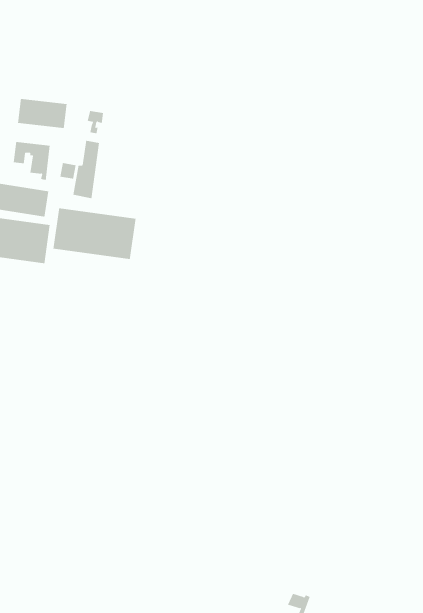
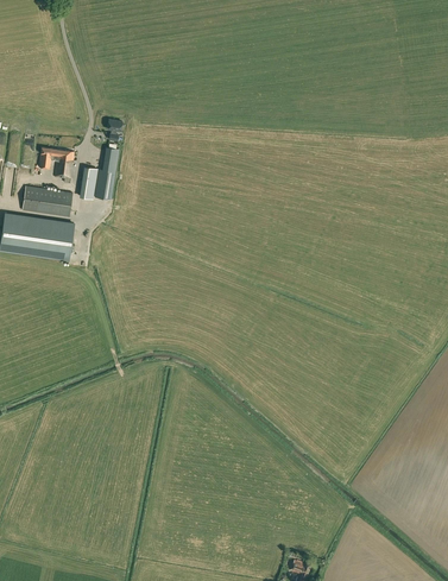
building: [18,98,67,129] -> none
building: [53,208,136,260] -> none

